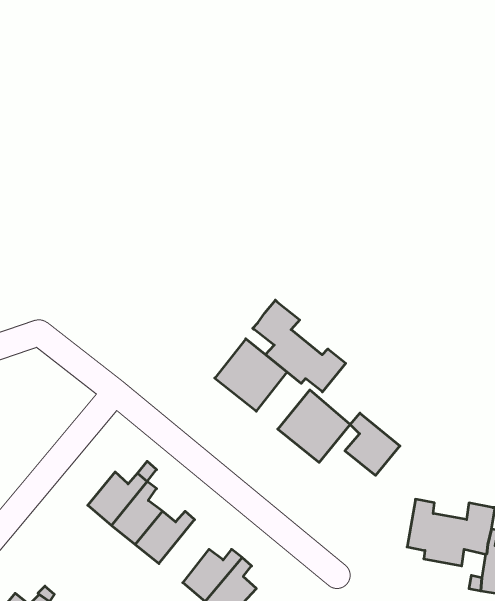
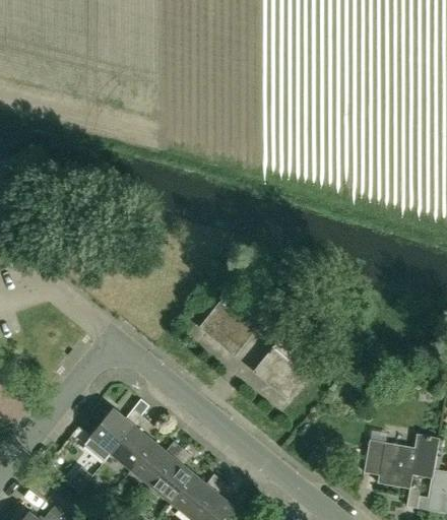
building: [253,300,346,392] -> none
building: [345,413,400,475] -> none
building: none -> [151,449,194,503]

